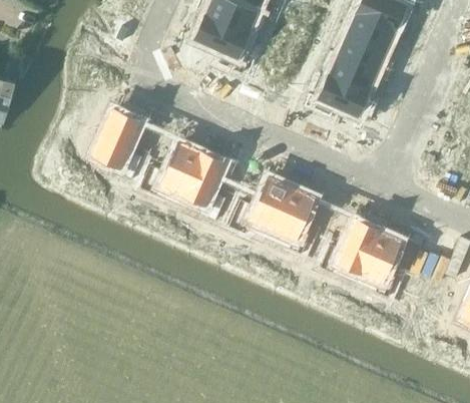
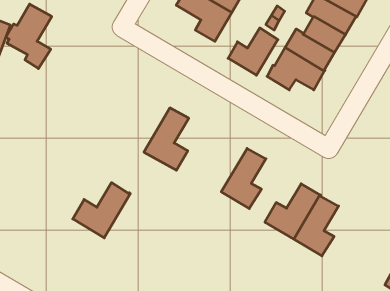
building: none -> [228,28,278,75]
building: [93,107,144,177] -> [6,4,52,69]
building: [142,140,202,203] -> [73,183,130,238]
building: [230,175,293,237] -> none

